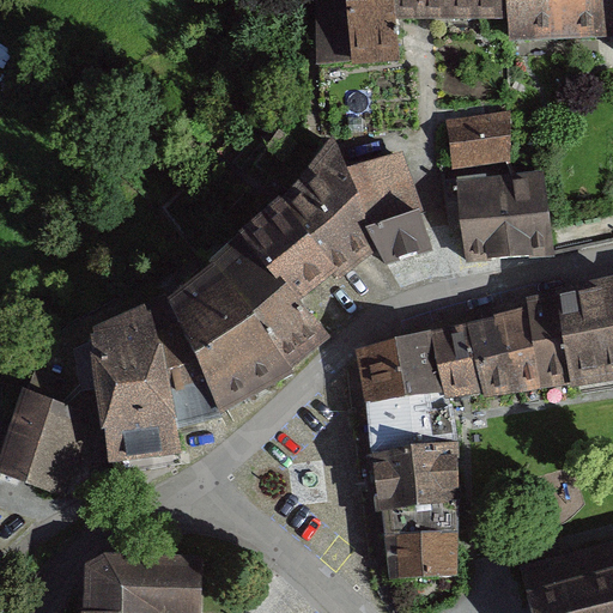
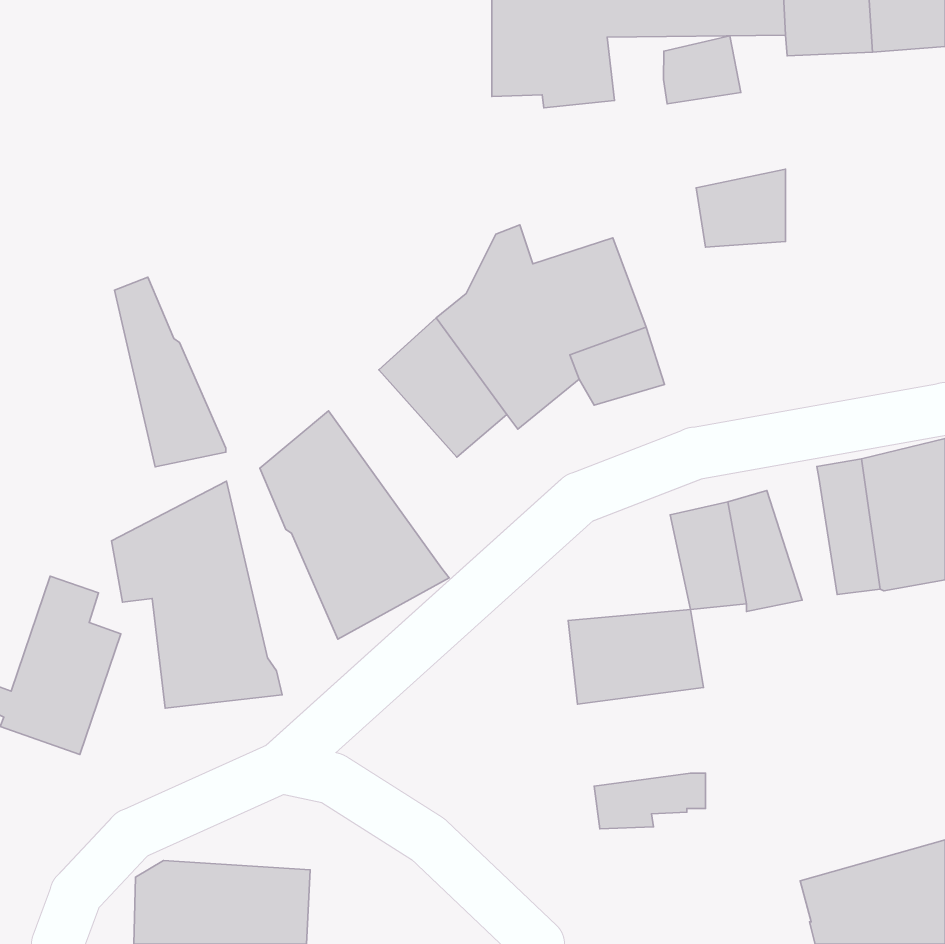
building: none -> [664,36,741,104]
building: [444,175,550,257] -> none
building: [212,238,327,366] -> none
building: [146,302,218,424] -> [114,277,226,467]
building: [494,308,540,387] -> none
building: [359,332,445,400] -> none
building: [372,443,455,508] -> none
building: [387,521,455,577] -> none

